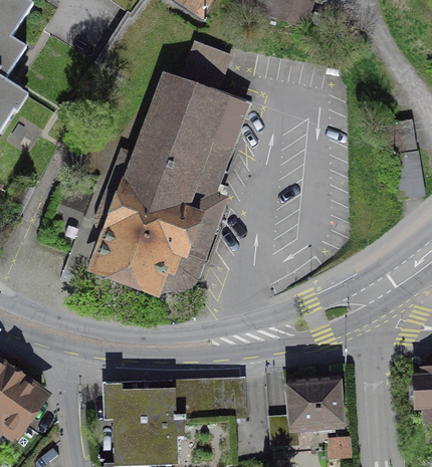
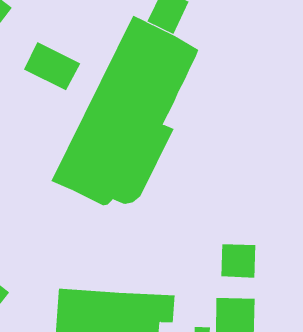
building: none -> [23,41,81,91]
building: none -> [221,243,256,279]

